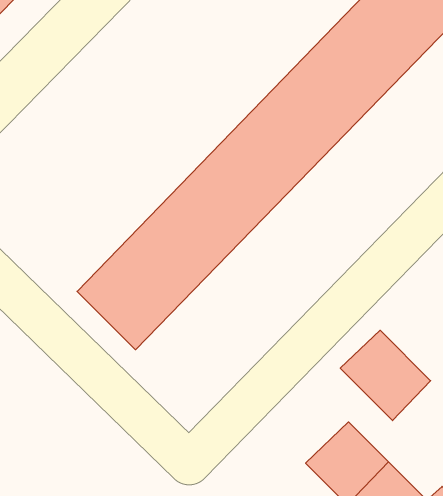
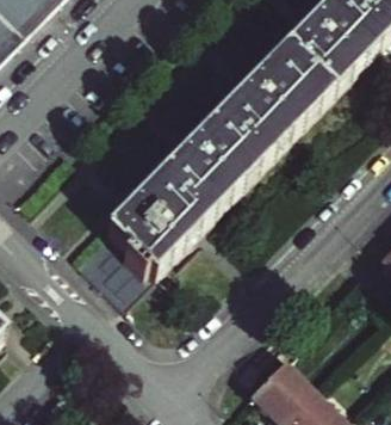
building: [340,330,431,421] -> none

